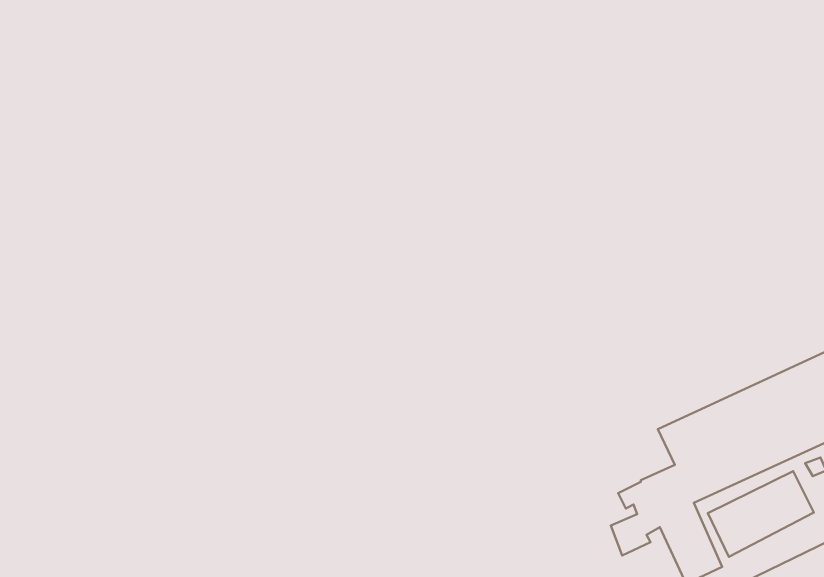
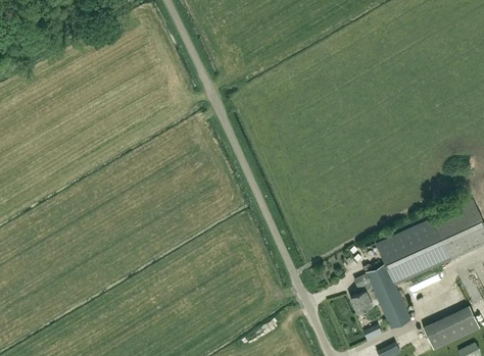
building: [708,471,814,557] -> none

